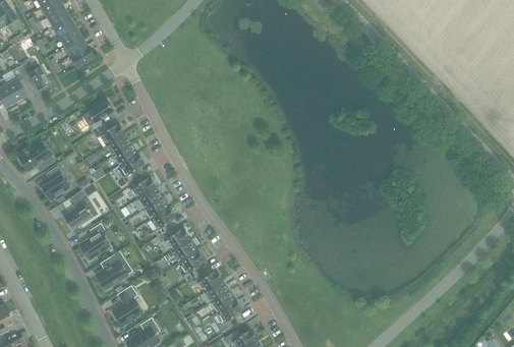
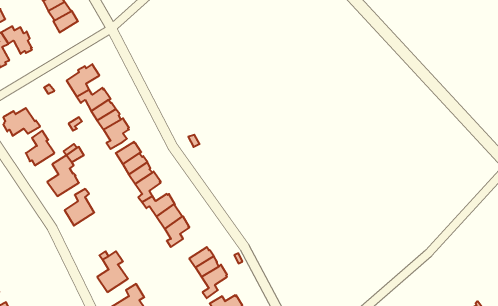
building: [96,250,128,289] -> none
building: [186,270,224,292] -> none

